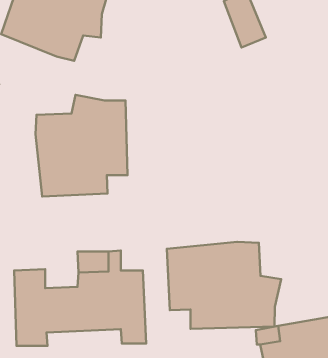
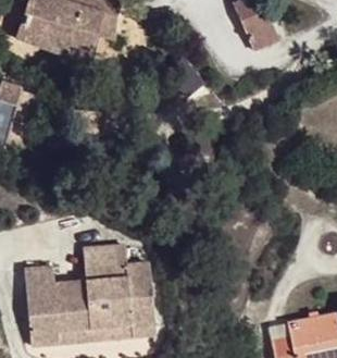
building: [36,95,128,196] -> none
building: [167,242,281,329] -> none

